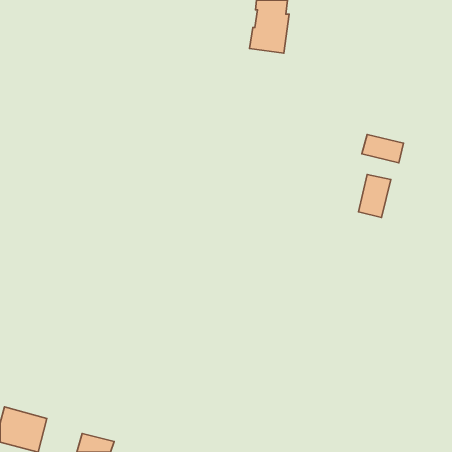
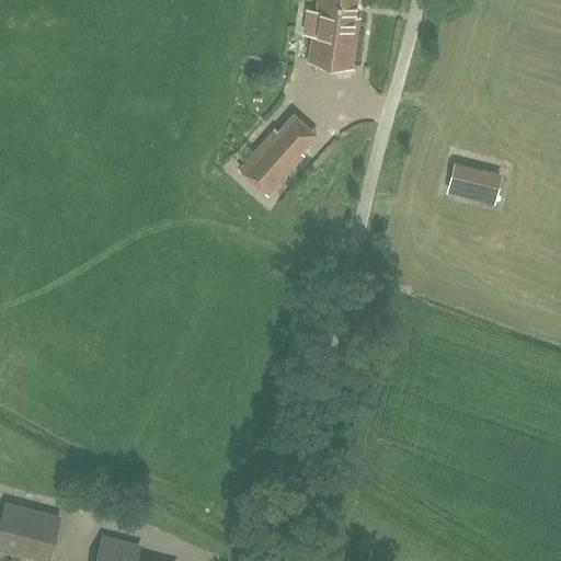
building: none -> [240,114,316,194]
building: [358,175,391,218] -> none

